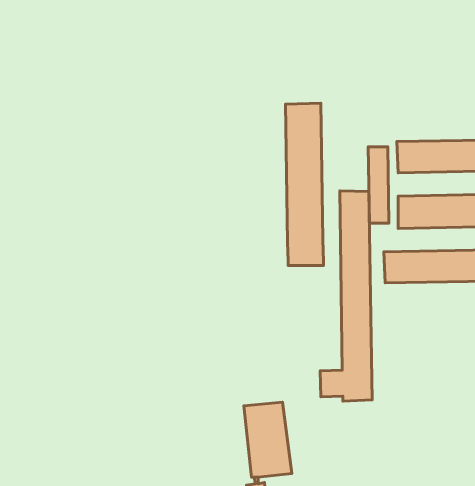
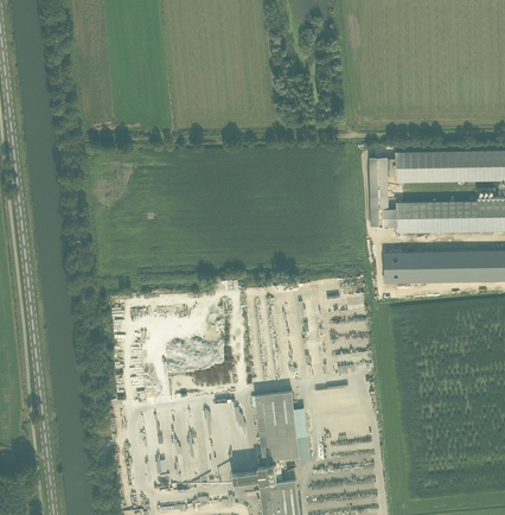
building: [286,103,324,266] -> none
building: [320,191,372,401] -> none

